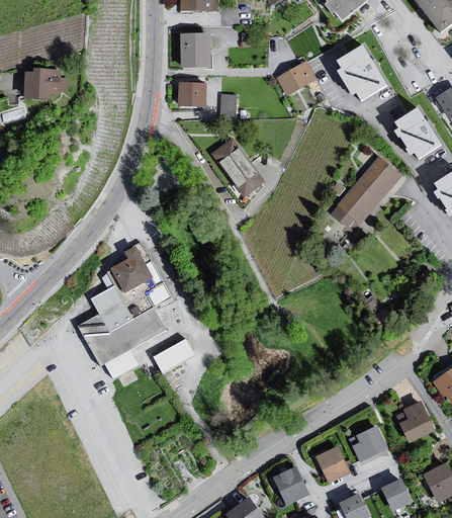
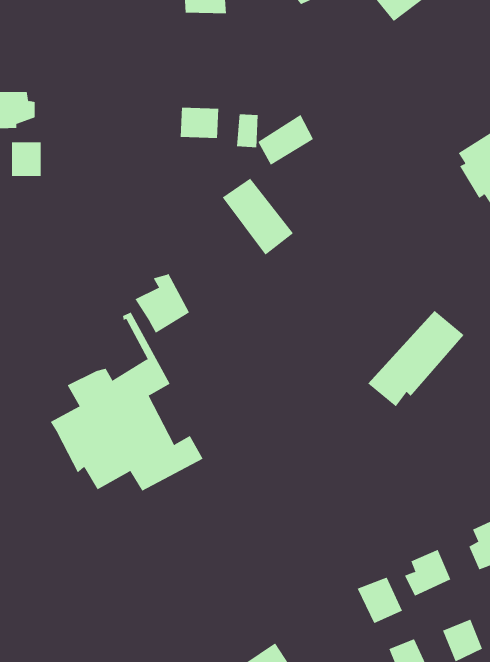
building: [180,35,212,69] -> none
building: [337,40,388,98] -> none
building: [277,57,321,96] -> [257,114,314,165]
building: none -> [12,141,41,177]
building: [328,158,402,233] -> [367,310,465,407]
building: [110,248,153,294] -> [135,273,190,333]
building: [266,466,308,506] -> none

